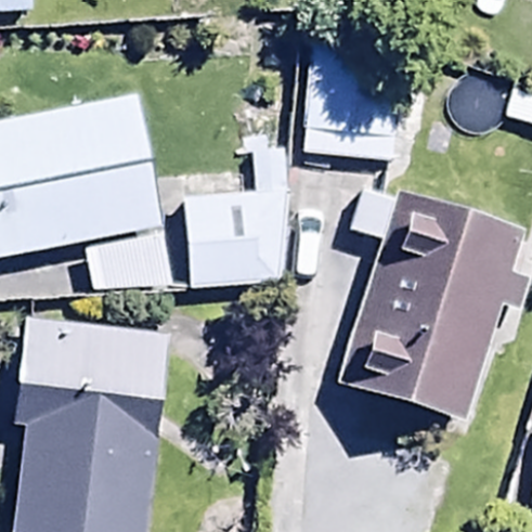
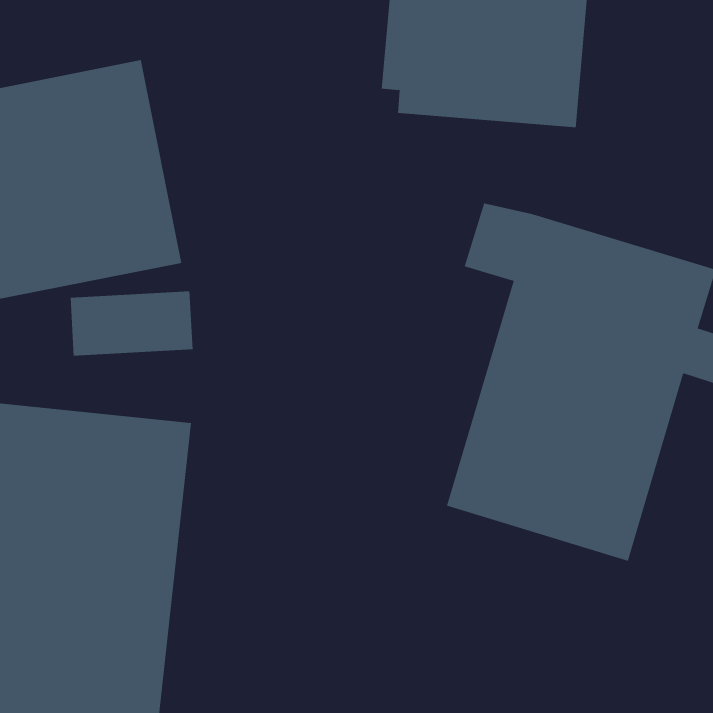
building: [186,146,287,286] -> none

